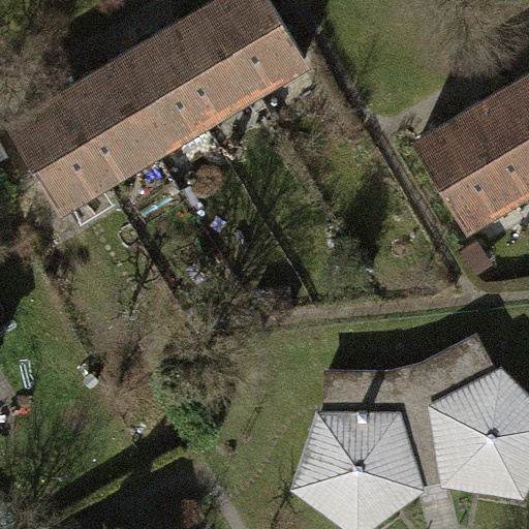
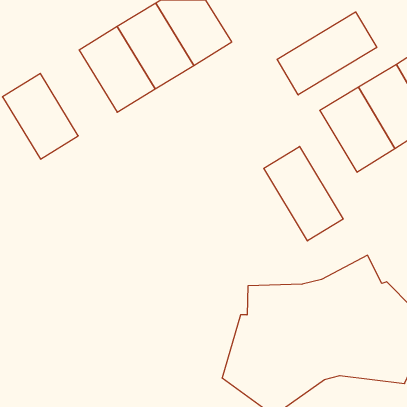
building: none -> [277,12,377,95]
building: [59,71,157,181] -> none
building: none -> [264,146,343,241]

